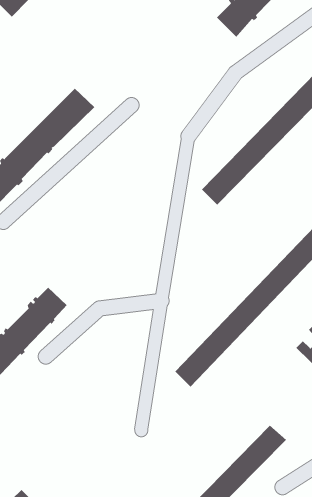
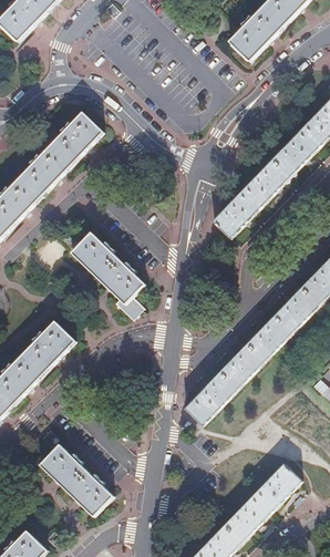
building: none -> [71,233,145,321]
building: none -> [40,445,113,517]

